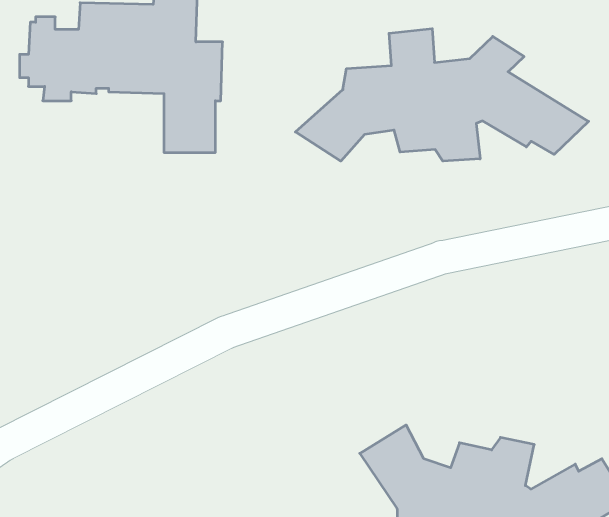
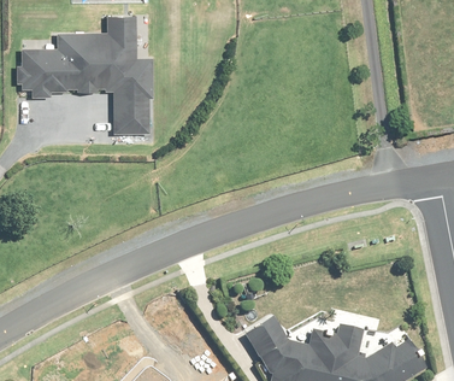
building: [295,29,589,161] -> none

